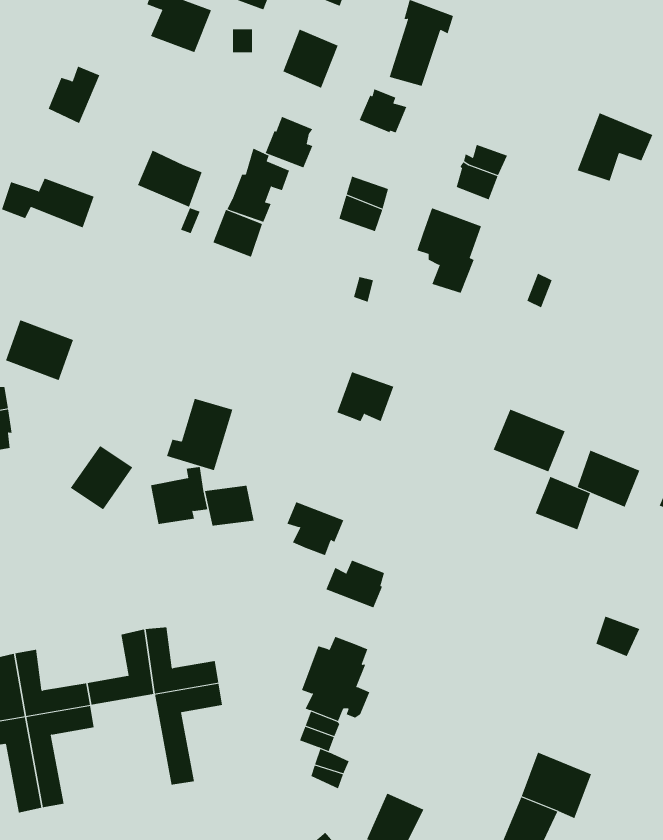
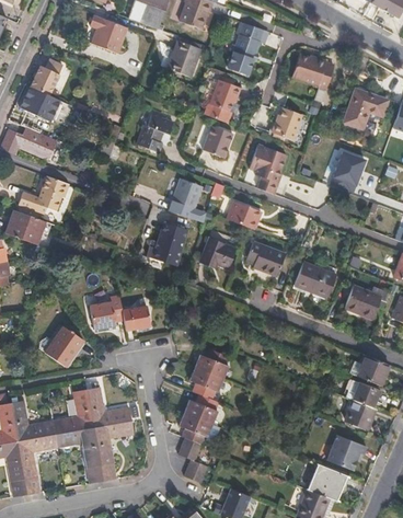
building: none -> [293,51,333,85]
building: [265,116,313,168] -> [204,91,232,122]
building: [137,150,202,208] -> [22,84,60,118]
building: [213,209,263,257] -> [171,181,200,209]
building: none -> [335,151,368,186]
building: none -> [20,175,70,211]
building: none -> [226,200,258,229]
building: none -> [244,241,284,276]
building: [166,398,233,471] -> [147,223,186,266]
building: [70,445,133,510] -> [46,327,83,366]
building: [535,476,591,530] -> [355,353,388,384]
building: [287,502,344,556] -> [188,367,222,399]
building: none -> [345,399,376,428]
building: none -> [56,428,103,484]
building: none -> [329,434,367,470]

